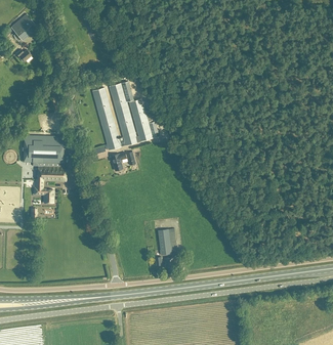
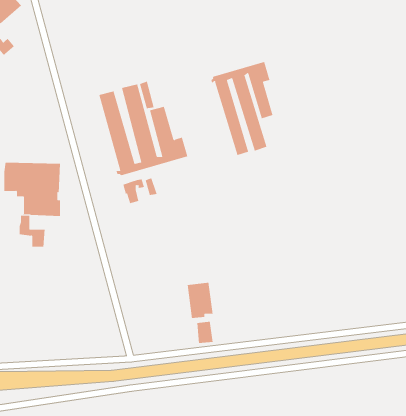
building: none -> [211,61,273,156]

